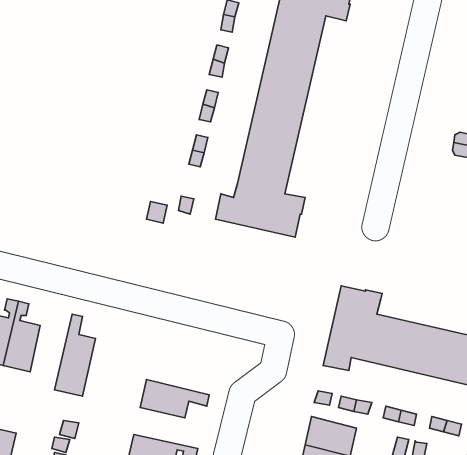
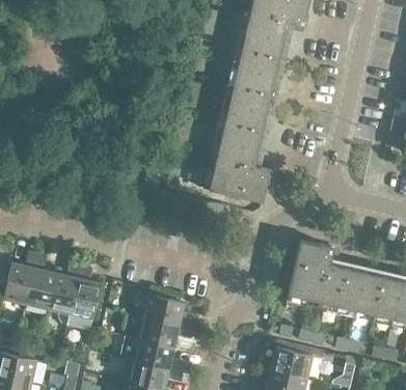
building: none -> [49,261,83,325]
building: none -> [143,294,196,329]
building: none -> [133,339,187,372]

